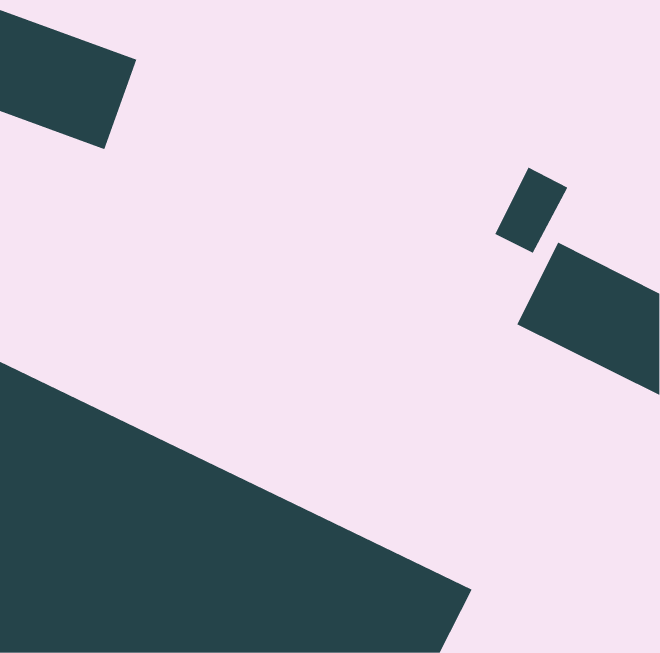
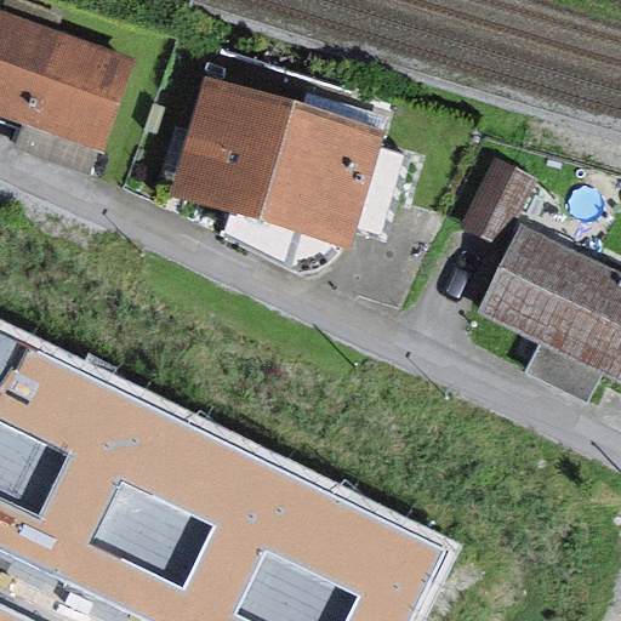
building: none -> [172,80,398,240]

